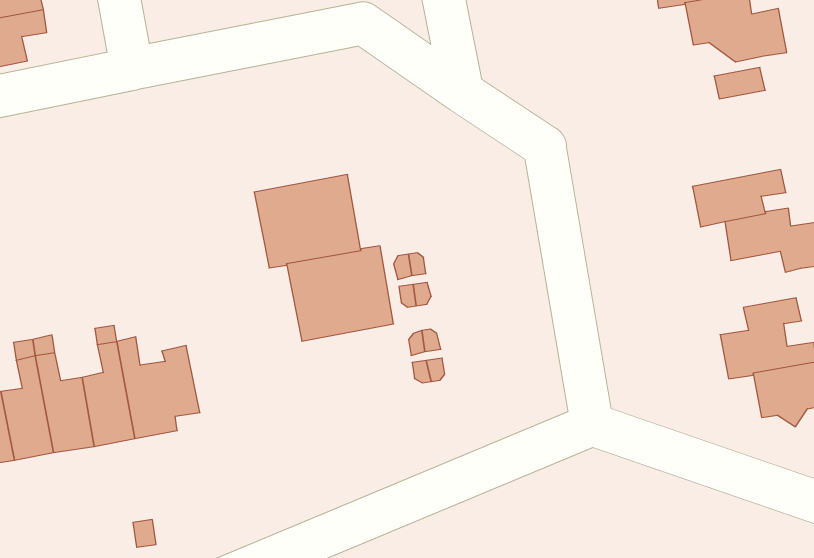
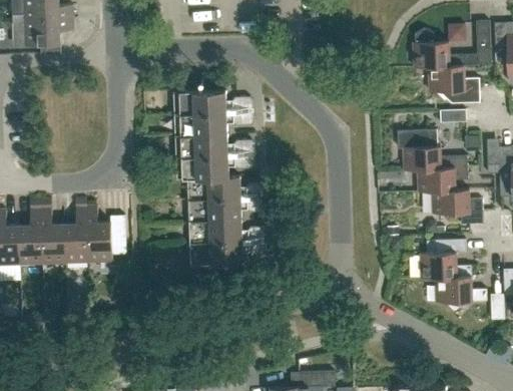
building: none -> [173,90,227,136]
building: none -> [397,129,467,170]
building: none -> [188,221,242,267]

